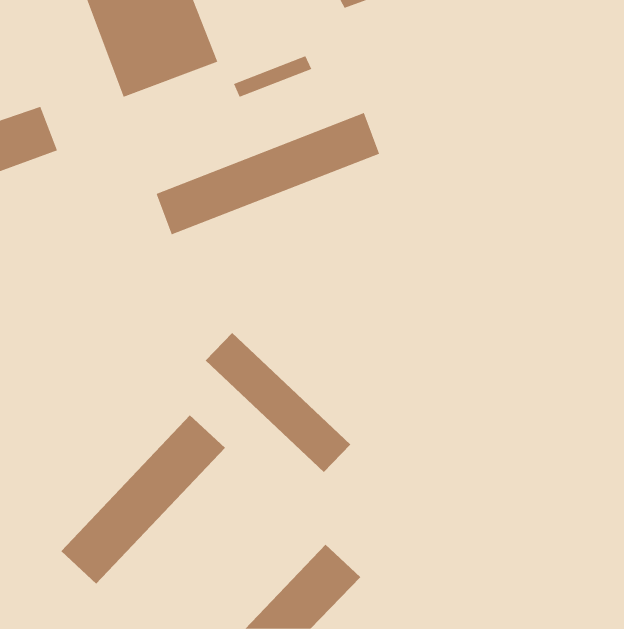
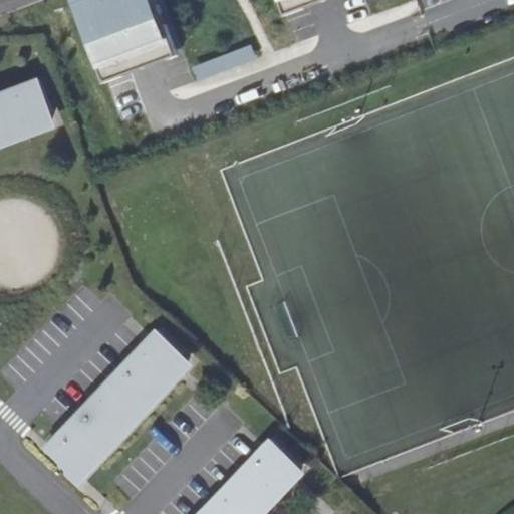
building: [156,112,380,235] -> none
building: [205,332,351,473] -> none

